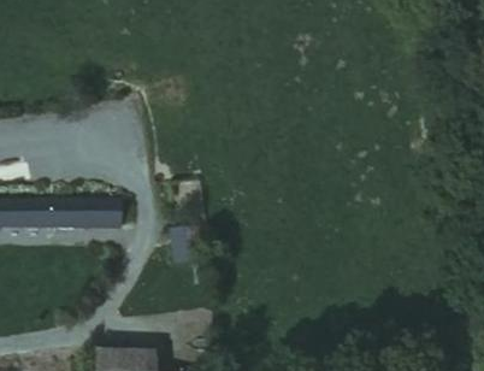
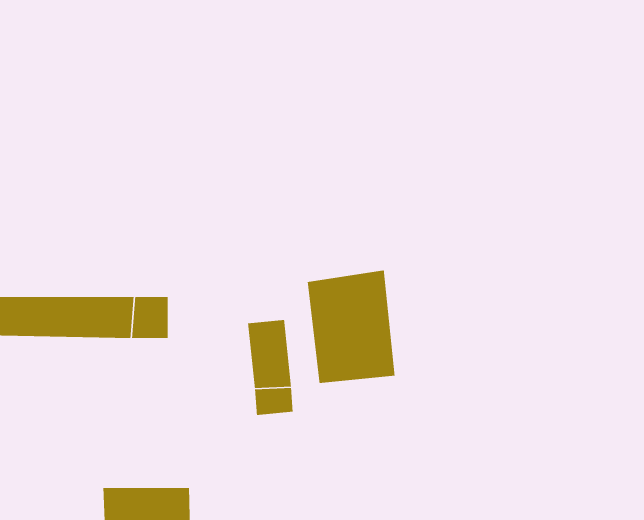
building: none -> [307,269,396,384]

